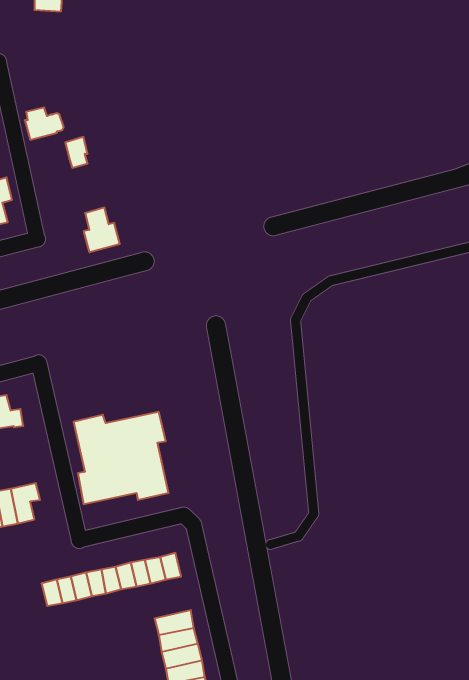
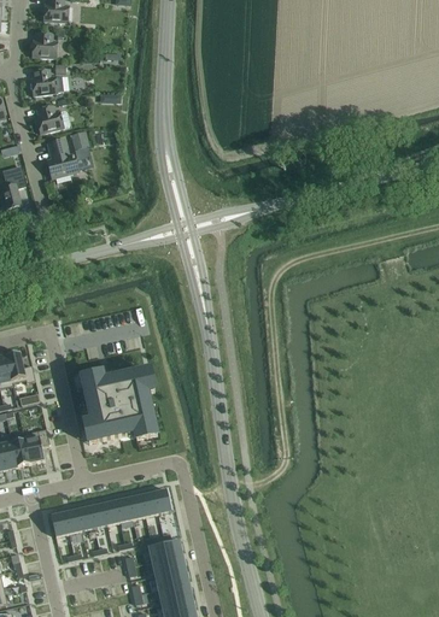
building: none -> [33,31,57,57]
building: none -> [31,69,64,94]
building: [84,208,120,252] -> [47,139,78,177]

